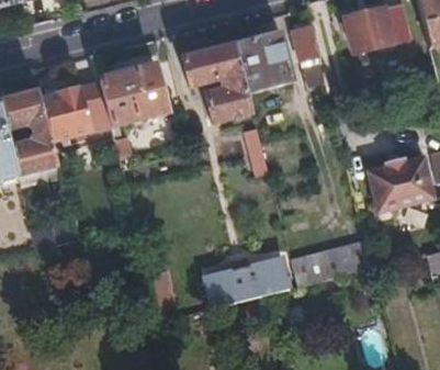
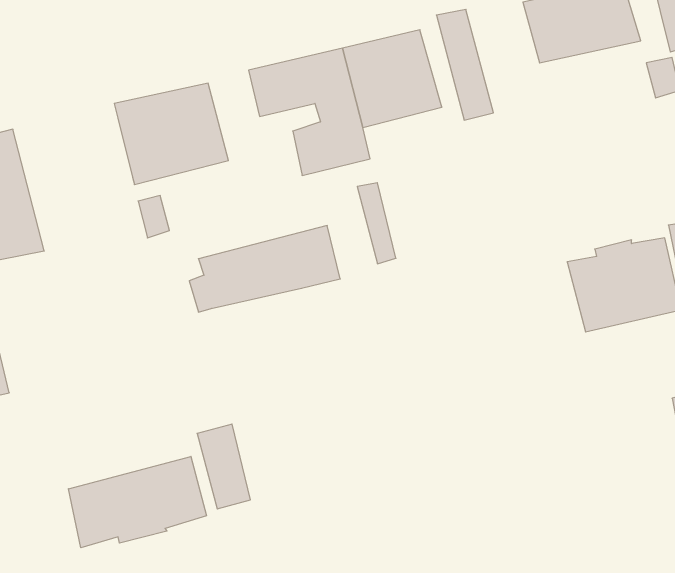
building: [43,86,109,141] -> none
building: [290,239,372,285] -> none
building: [201,255,291,306] -> [189,226,340,312]
building: none -> [68,456,207,548]

